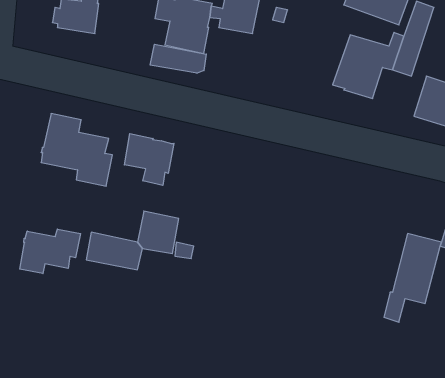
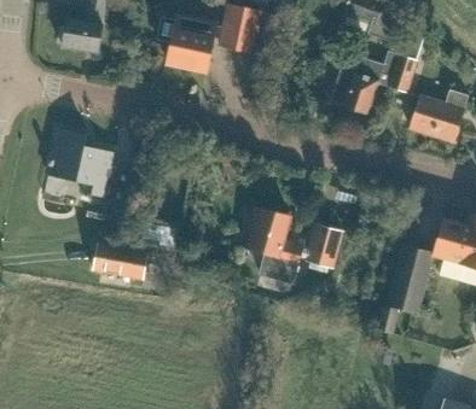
building: [150,44,206,73] -> none
building: [124,134,174,185] -> none
building: none -> [245,206,342,284]
building: [20,229,81,274] -> none

